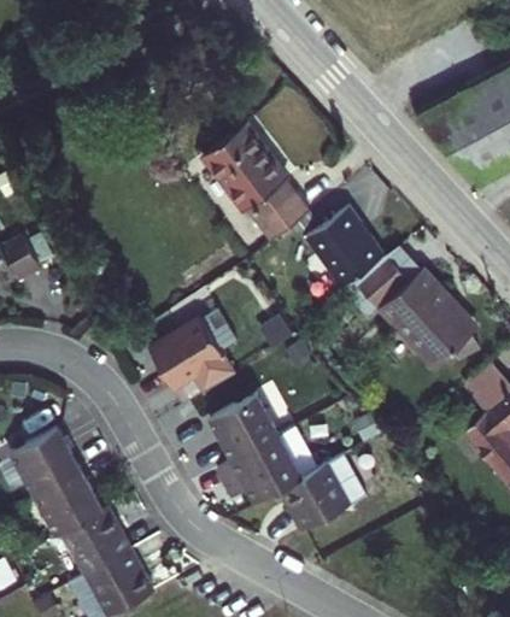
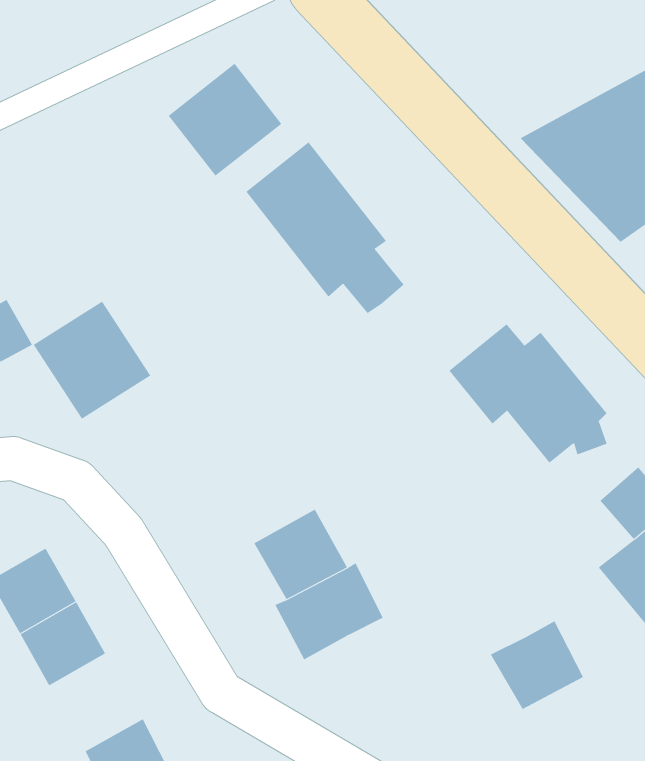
building: none -> [168,63,282,177]
building: [305,207,385,287] -> none
building: [147,317,235,405] -> [33,301,151,420]
building: [280,462,350,528] -> [490,620,584,710]
building: [58,500,128,572] -> none

